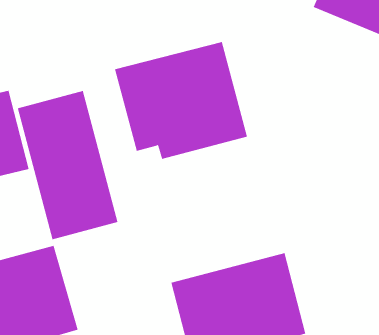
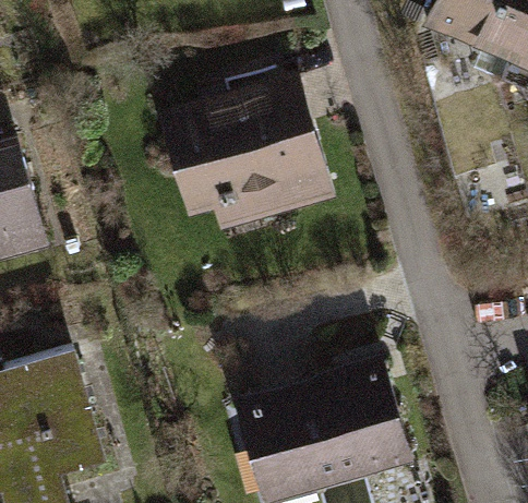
building: [17,90,118,240] -> none

